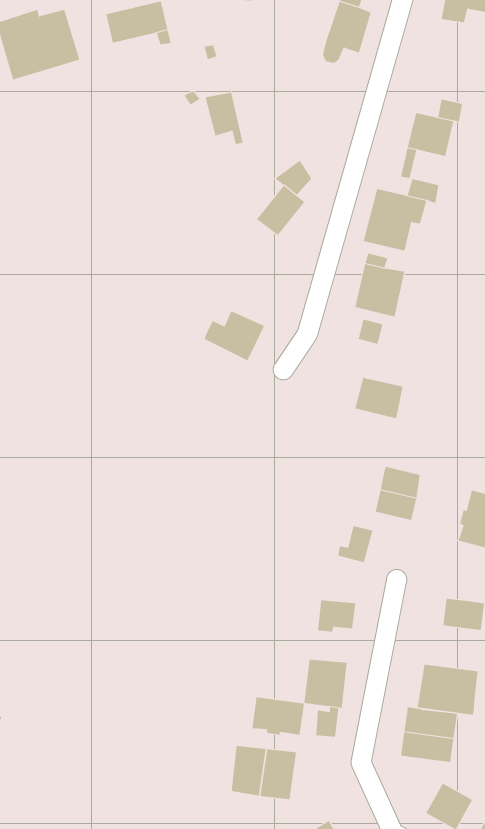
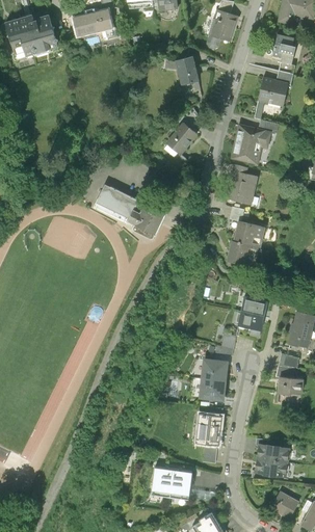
building: none -> [271,34,294,63]
building: [205,92,244,145] -> [175,58,199,90]
building: none -> [101,181,150,215]
building: none -> [233,222,263,248]
building: none -> [278,354,301,379]
building: none -> [205,358,229,380]
building: [417,664,478,715] -> none
building: [252,697,304,736] -> none

